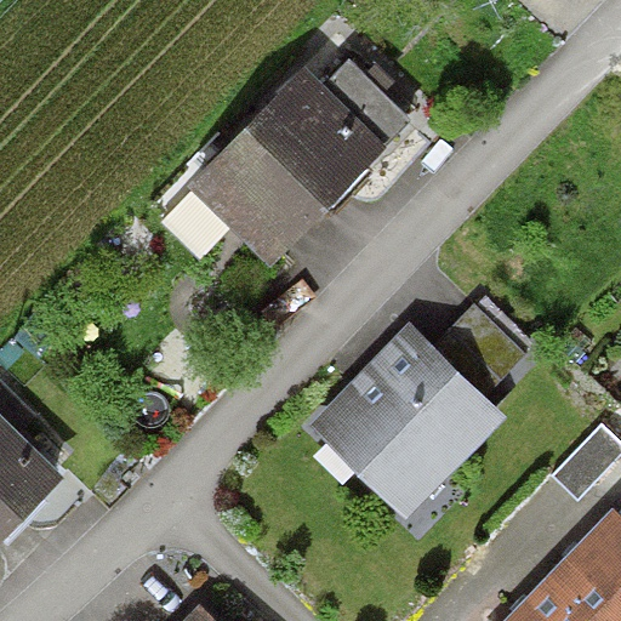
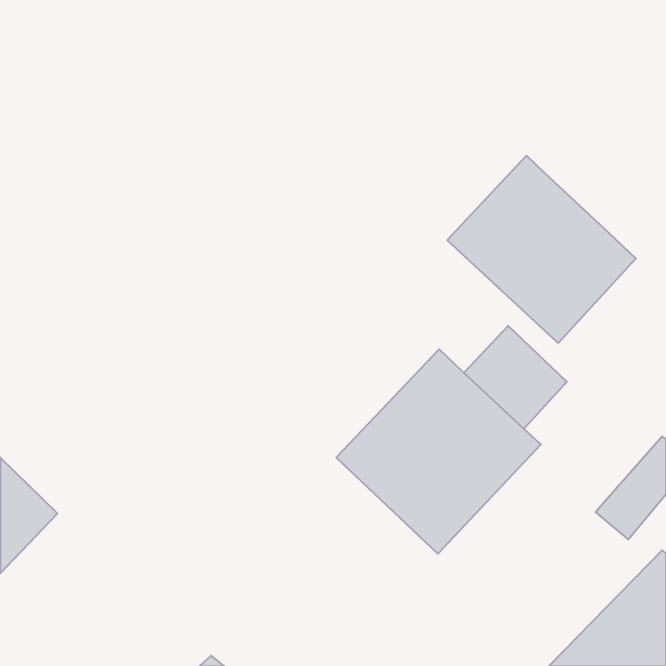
building: [203,76,377,252] -> none
building: none -> [447,156,636,343]

